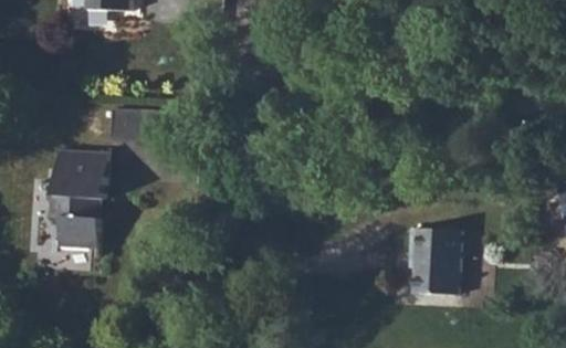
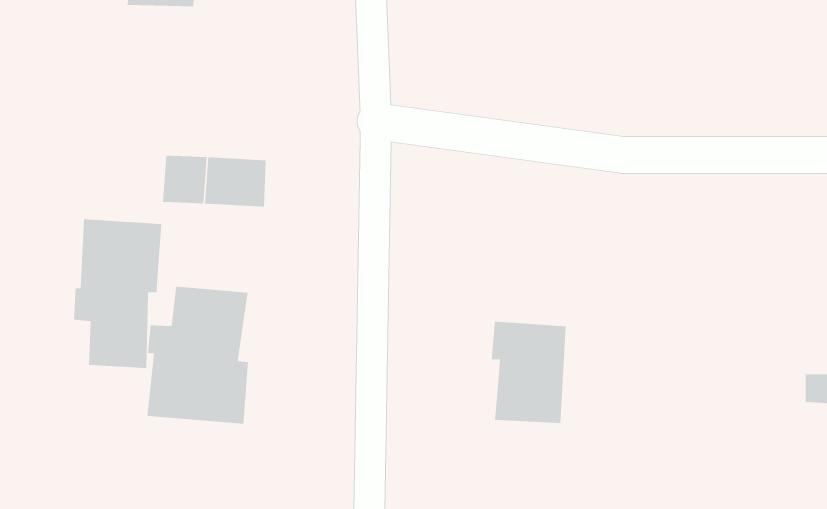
building: none -> [147,286,249,424]
building: [408,229,458,296] -> [491,321,566,424]

